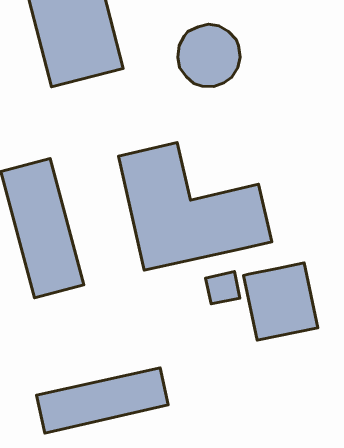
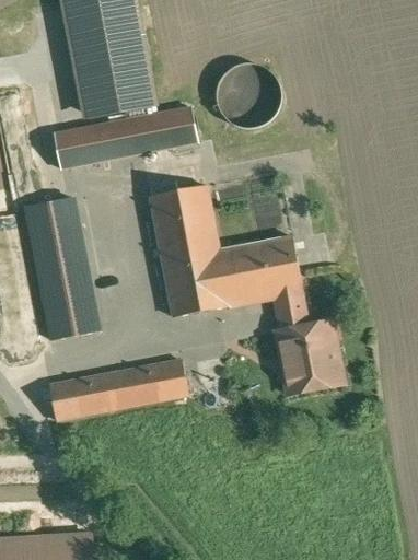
building: none -> [55,106,201,170]
building: [206,271,240,304] -> [274,295,309,328]
building: [37,368,168,433] -> [50,360,188,422]

